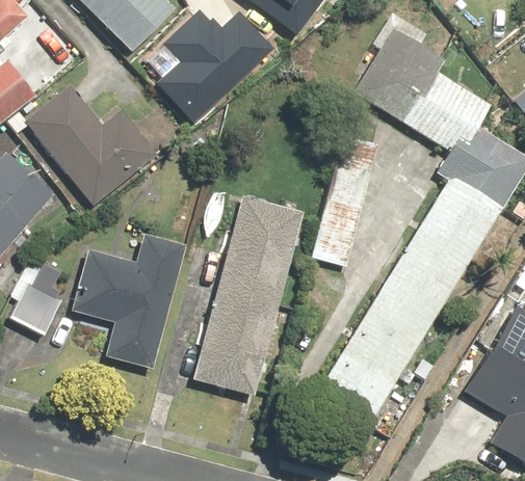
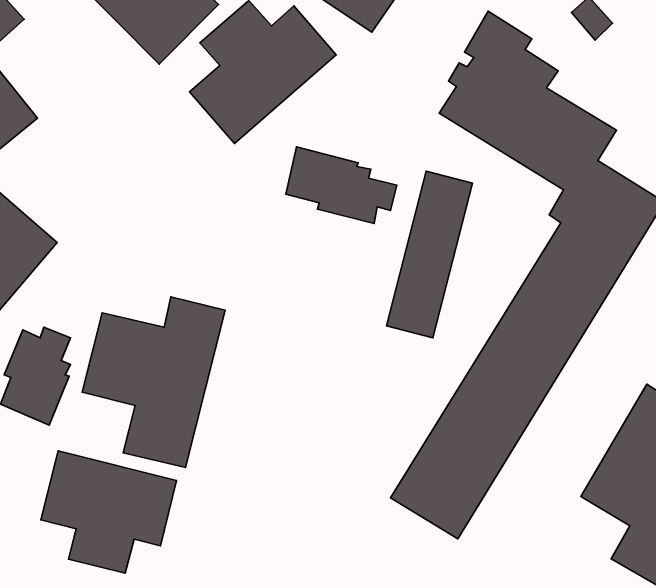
building: [25,85,157,205] -> none
building: none -> [286,147,397,224]
building: [192,194,304,396] -> none
building: none -> [41,451,177,573]

